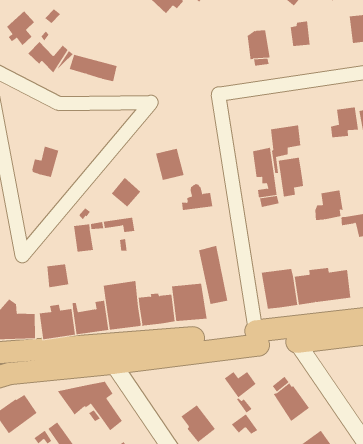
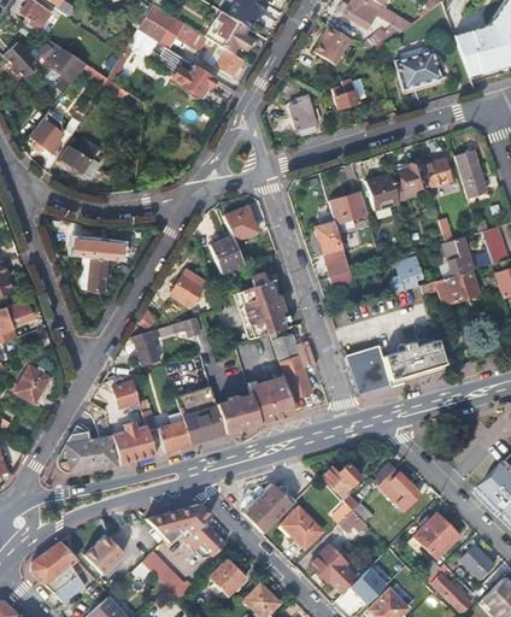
building: [69,54,118,82] -> [71,237,123,260]
building: none -> [225,206,259,242]
building: [278,157,304,197] -> [366,172,399,218]
building: none -> [245,293,292,336]
building: none -> [242,484,295,534]

